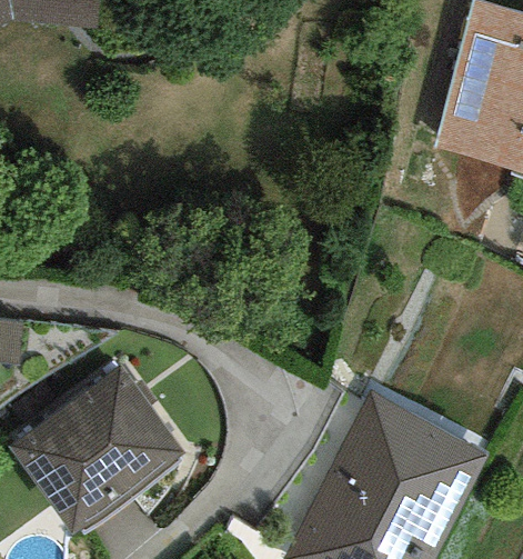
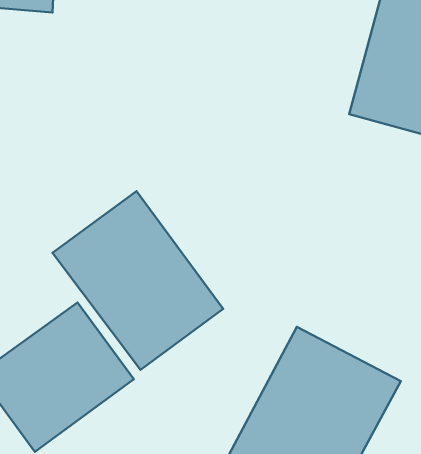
building: none -> [53,191,223,370]

